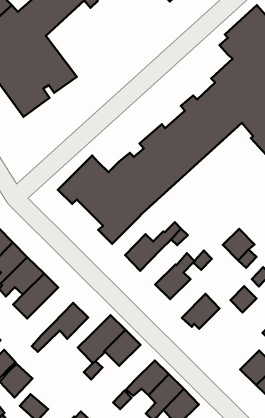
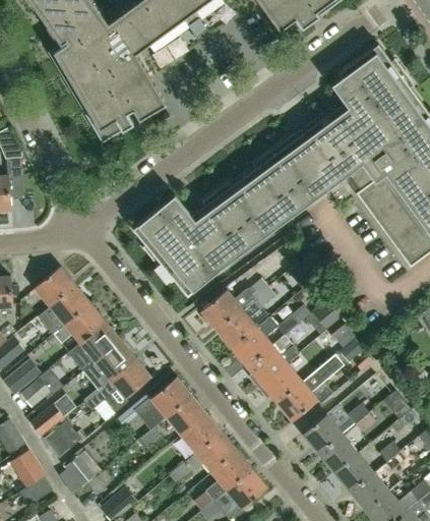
building: none -> [216,308,256,347]
building: none -> [246,345,287,388]
building: none -> [82,339,136,402]
building: none -> [275,374,317,421]
building: none -> [302,414,341,453]
building: none -> [181,413,222,453]

